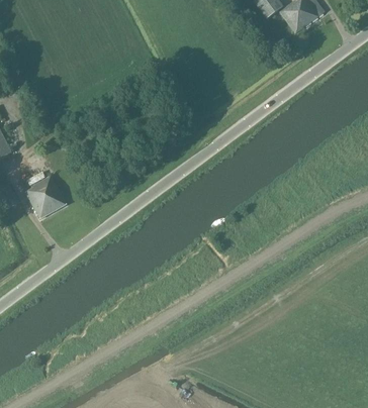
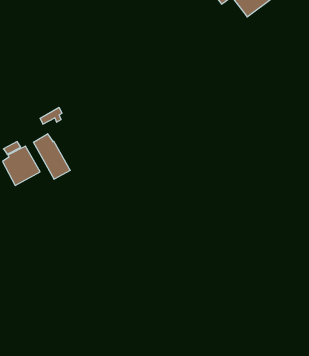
building: none -> [34,134,70,179]

